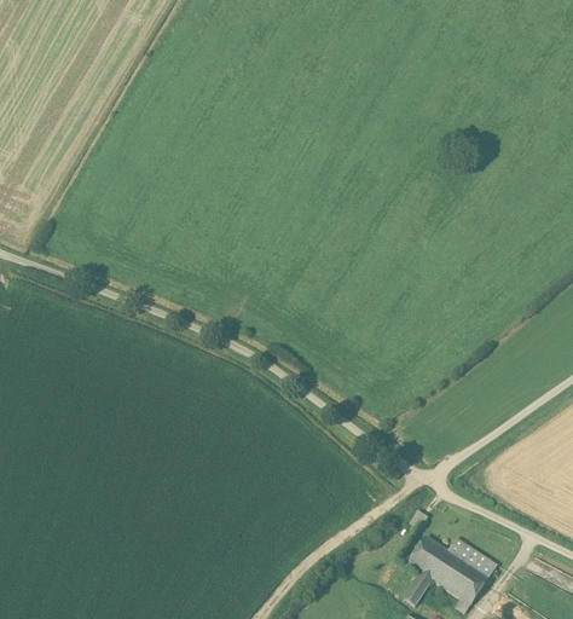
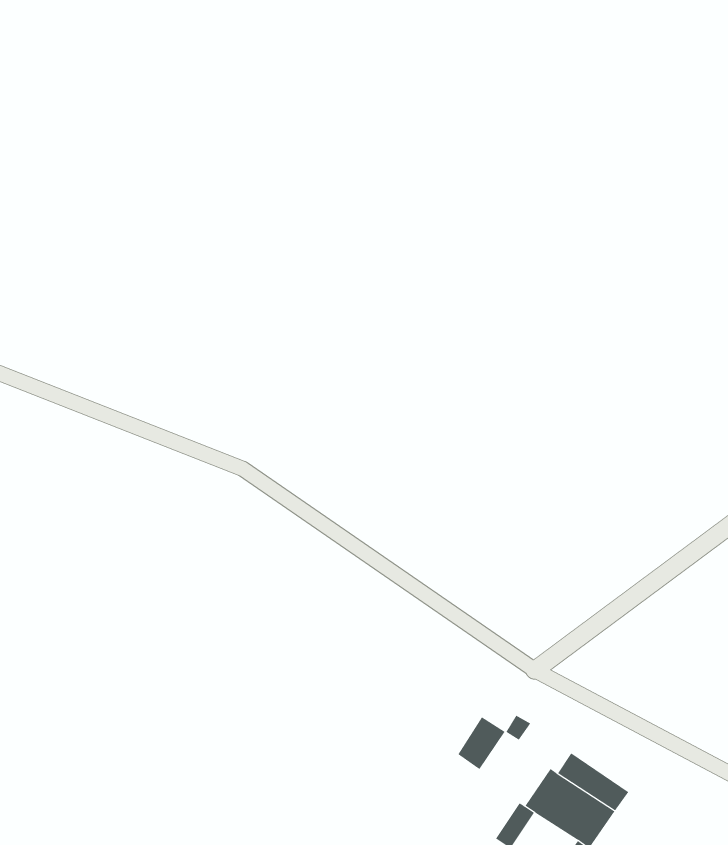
building: [407,537,441,574] -> [457,716,506,770]

